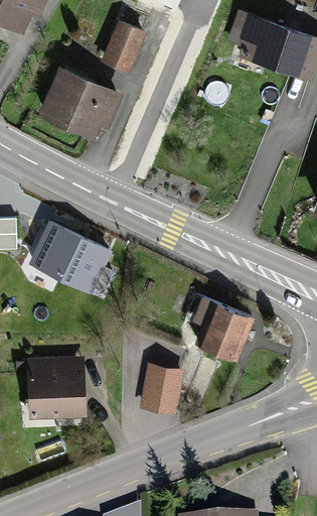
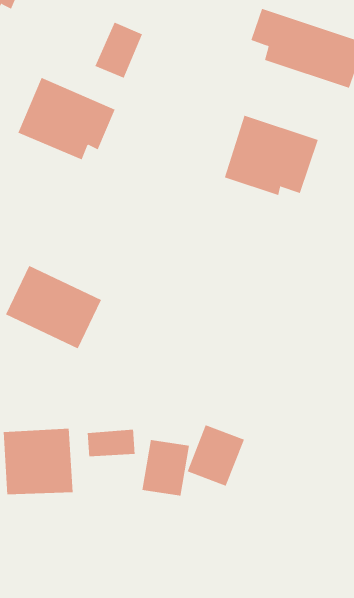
building: none -> [224,115,318,196]
building: [202,309,250,360] -> [187,425,245,486]
building: none -> [87,429,135,457]

